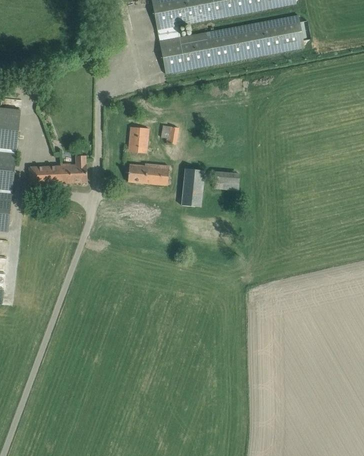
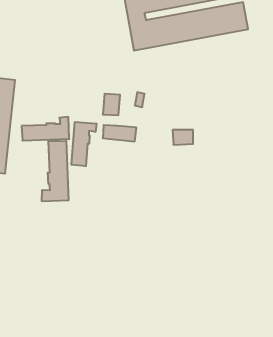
building: none -> [71,122,97,166]
building: [180,169,203,206] -> none
building: none -> [42,141,69,201]

